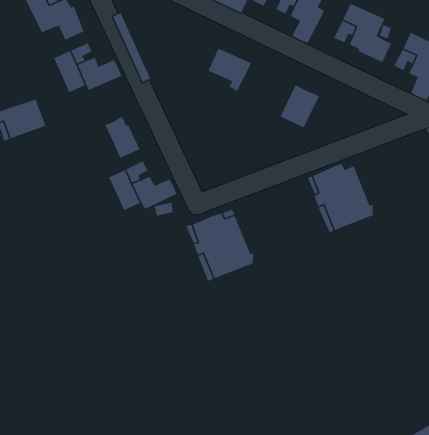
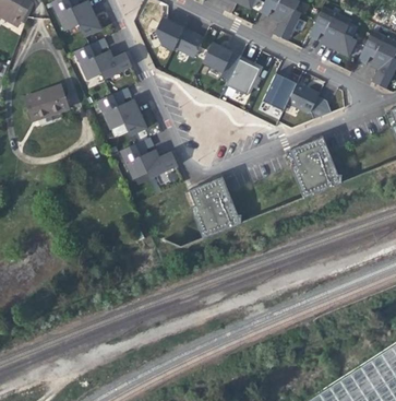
building: none -> [148,14,177,44]
building: none -> [175,28,203,57]
building: none -> [226,56,260,94]
building: none -> [287,83,319,111]
building: none -> [97,87,130,130]

